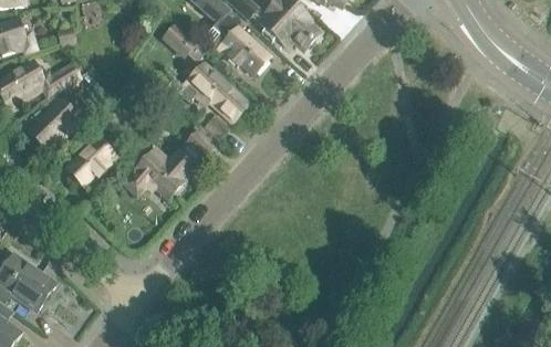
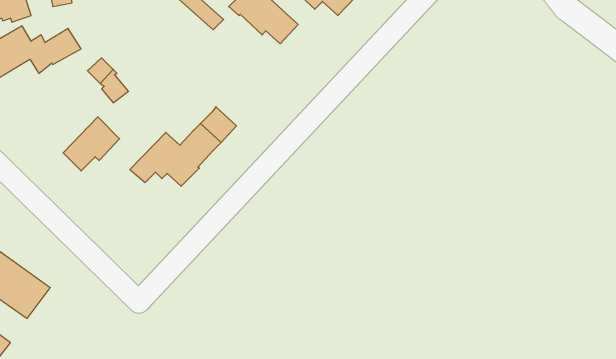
building: [178,65,247,124] -> none
building: [29,94,80,145] -> none

